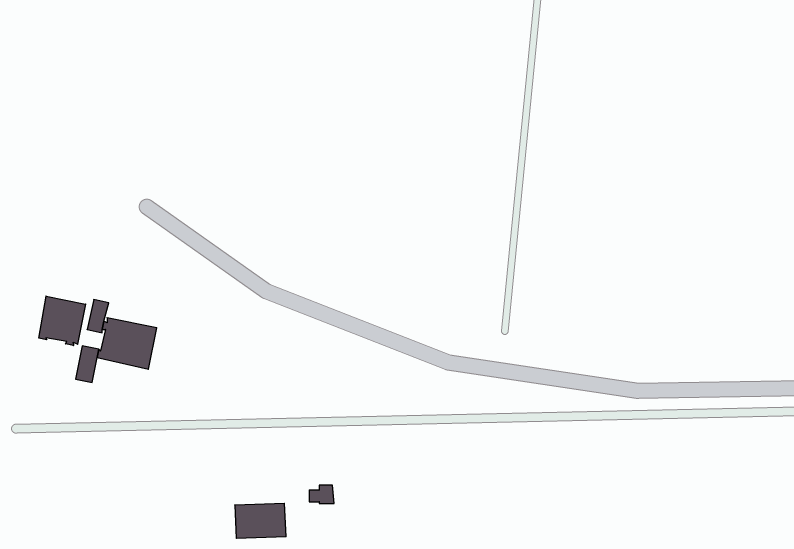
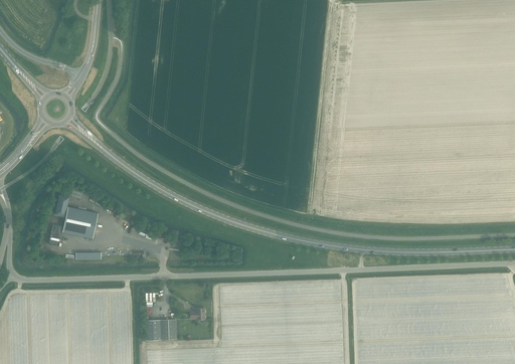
building: [39,296,86,346] -> none

